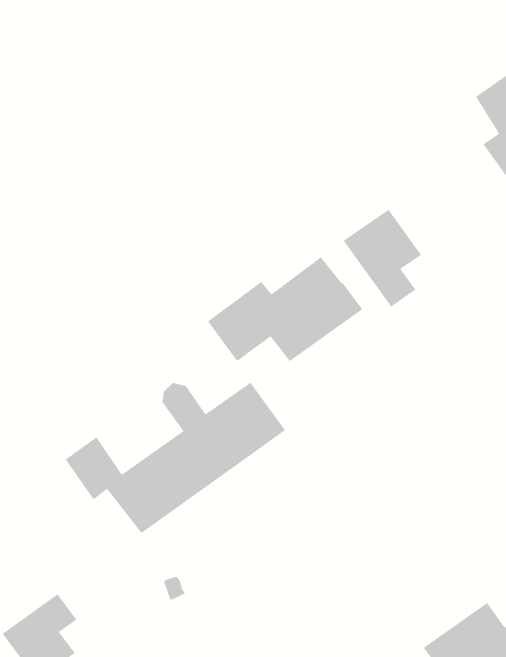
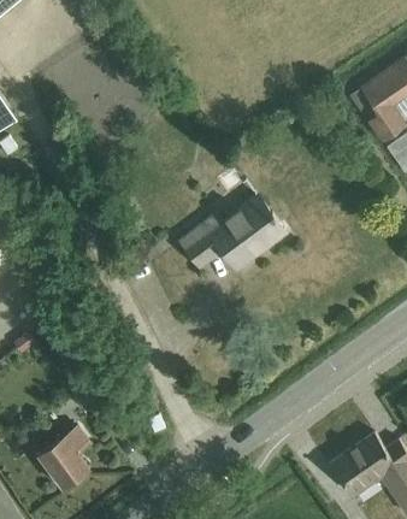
building: [343,209,422,308] -> none
building: [65,382,286,534] -> none

